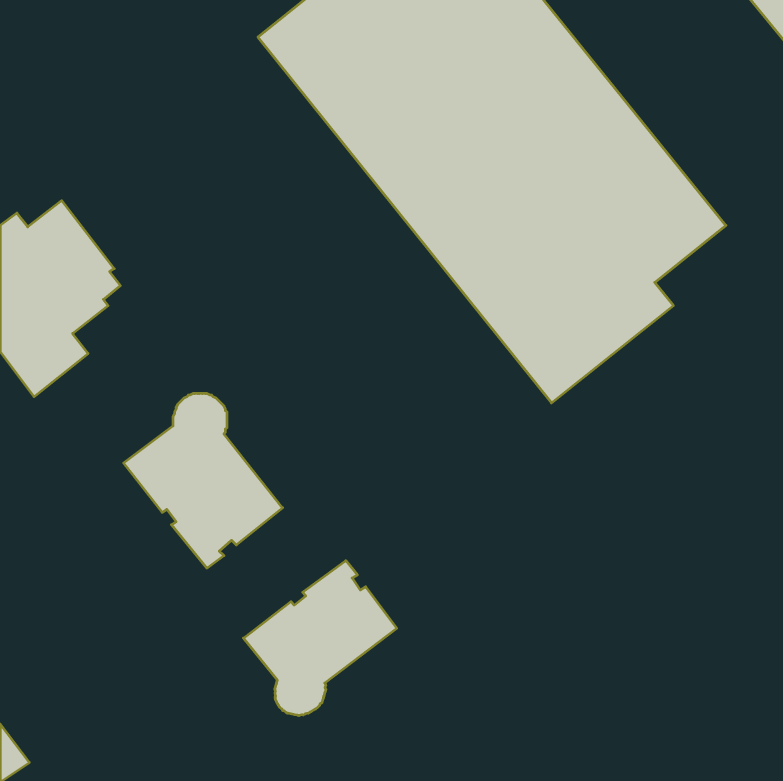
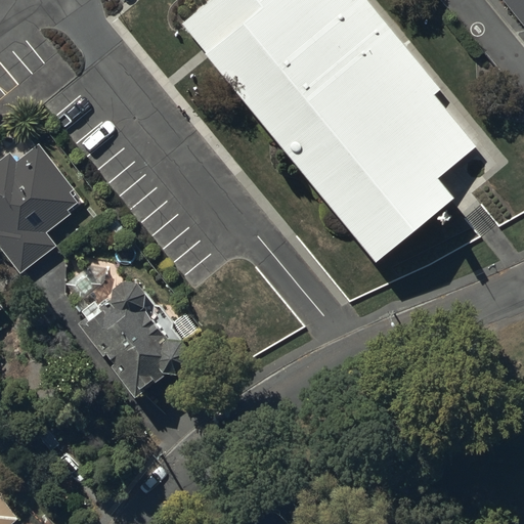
building: [243,561,397,716] -> none

